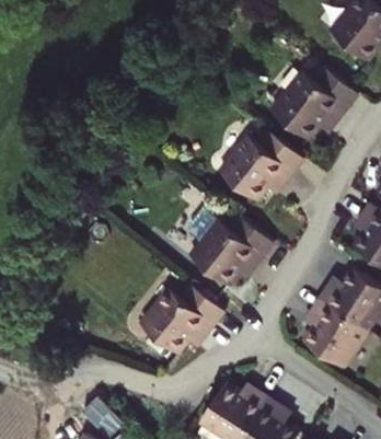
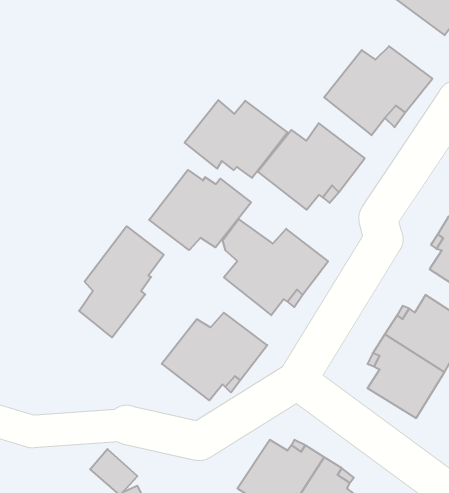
building: none -> [185,100,287,178]
building: none -> [149,170,251,250]
building: none -> [79,226,164,337]

